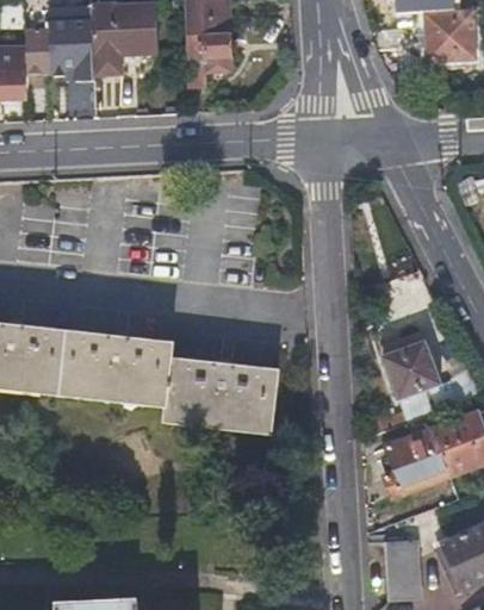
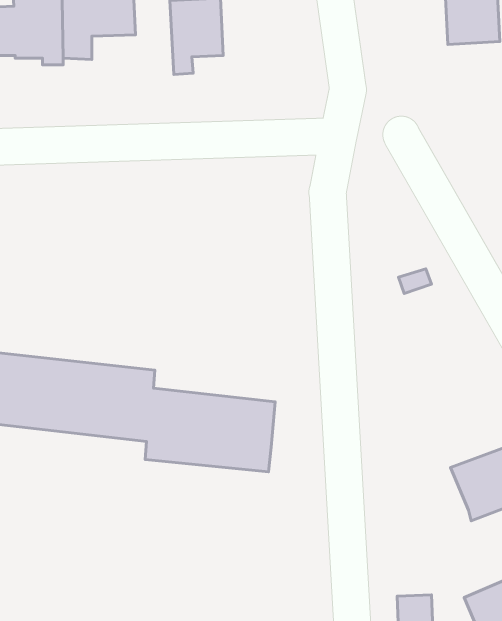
building: [383,340,439,397] -> none
building: [384,428,448,496] -> none

